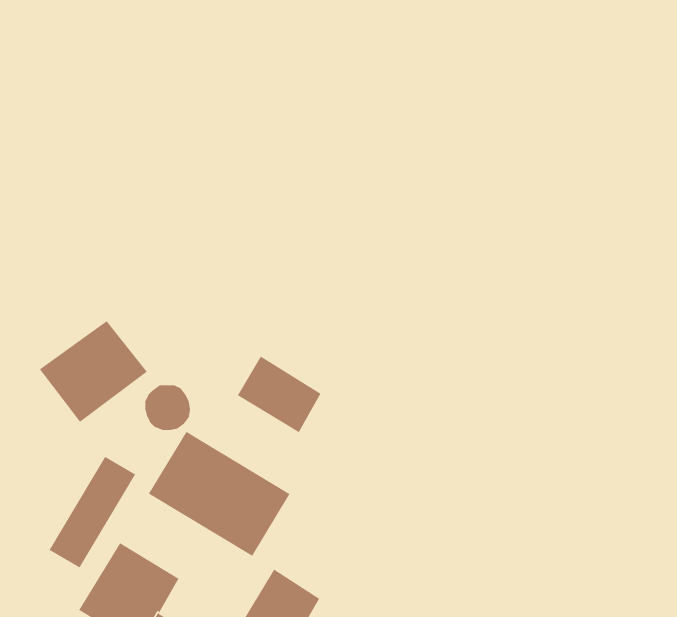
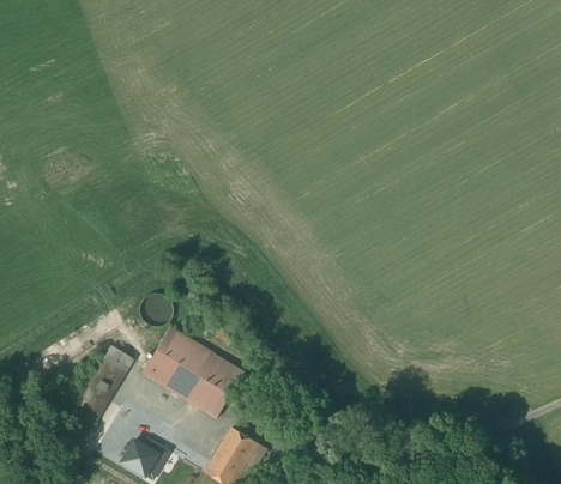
building: [39,320,148,423] -> none
building: [237,355,321,433] -> none

